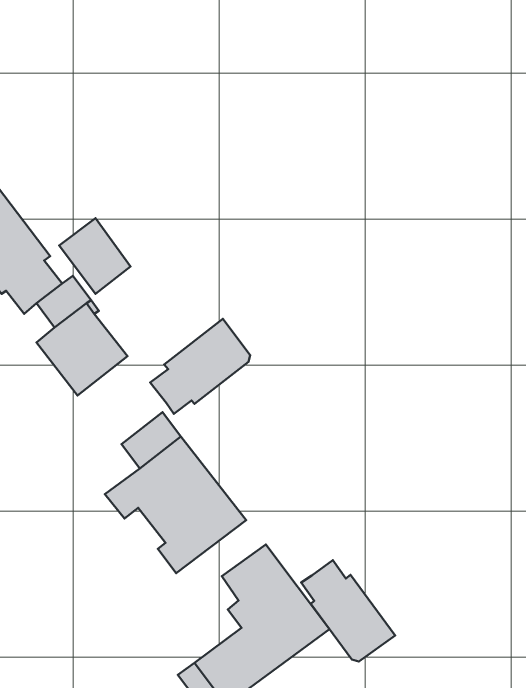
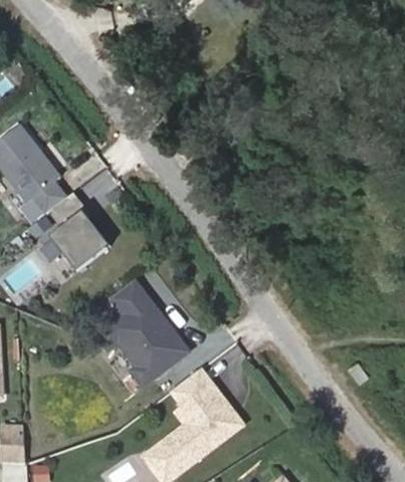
building: [150,319,250,414] -> none
building: [301,560,395,662] -> none

